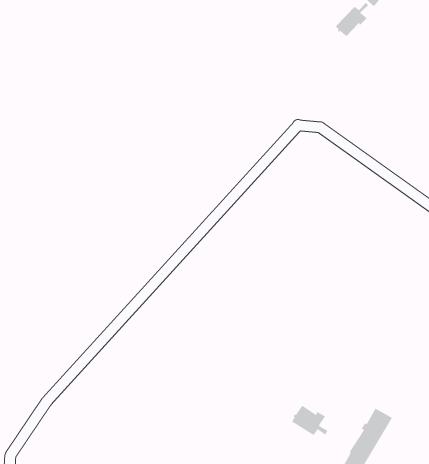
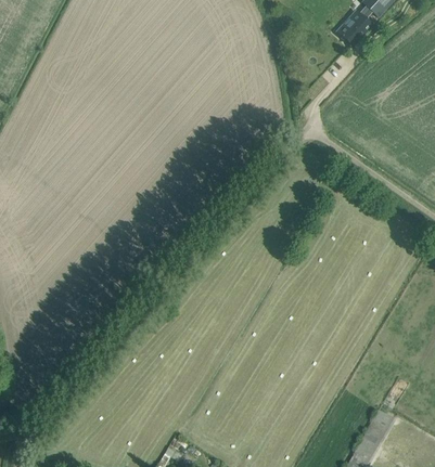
building: [292,405,328,436] -> none

